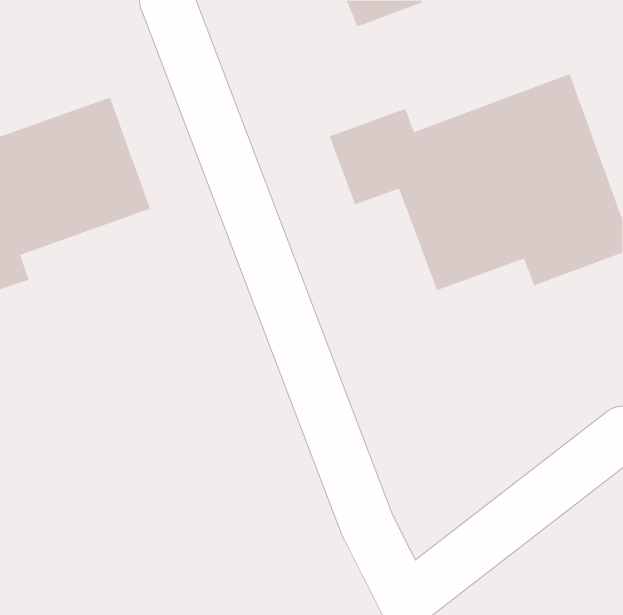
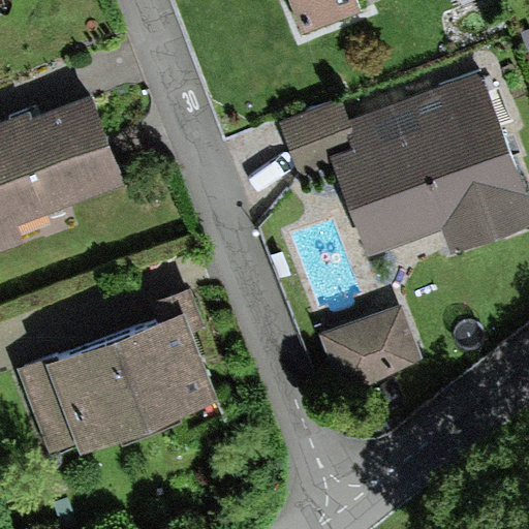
building: none -> [14,287,218,455]
building: none -> [318,306,423,396]

